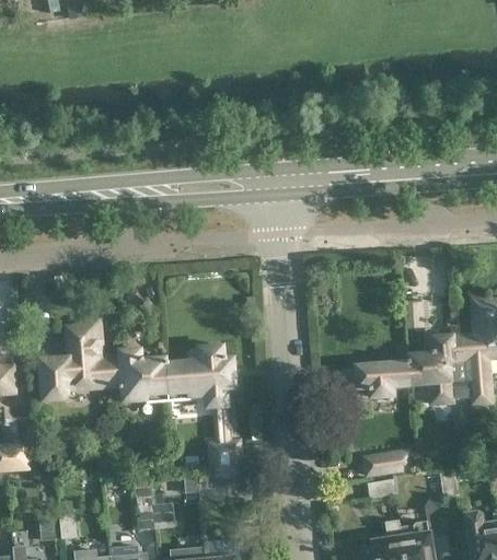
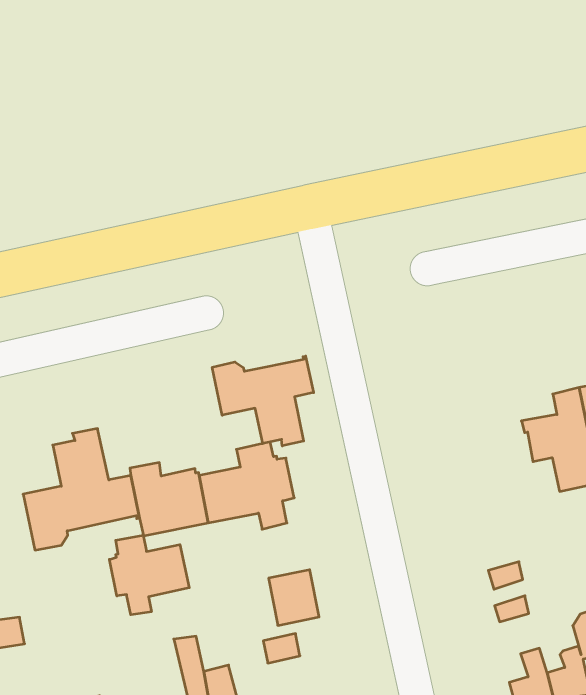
building: none -> [212,356,314,446]
building: [346,363,412,398] -> none
building: none -> [109,535,189,615]

